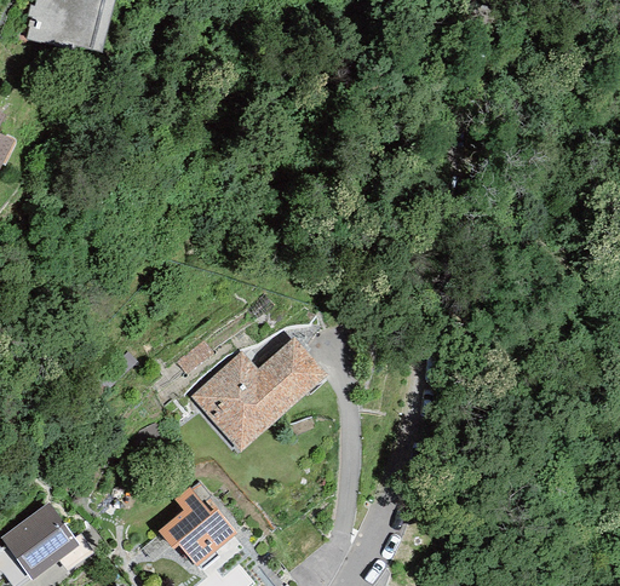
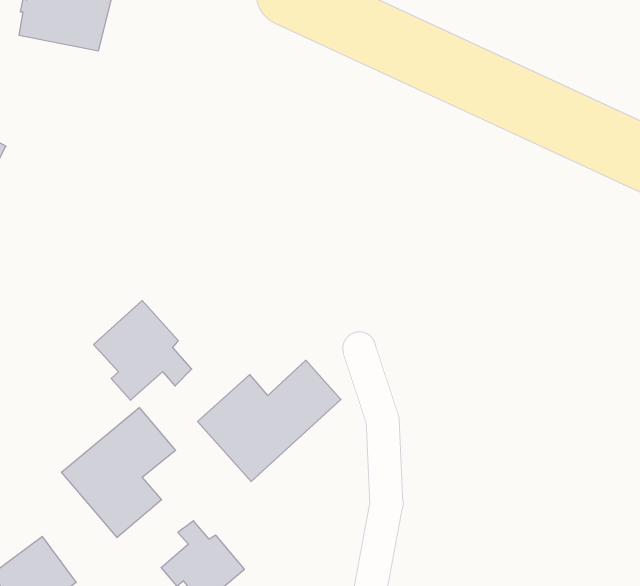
building: none -> [94,301,192,400]
building: none -> [61,408,176,538]

